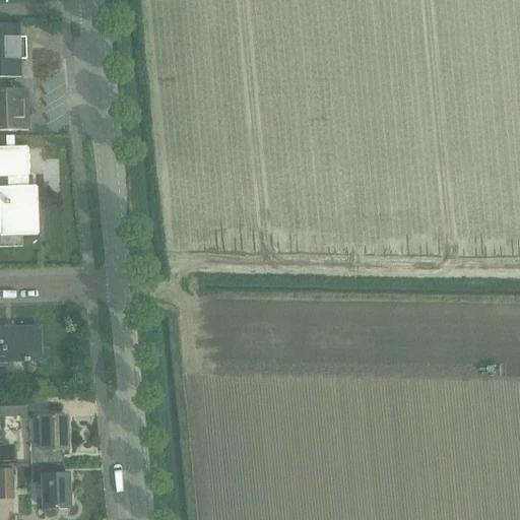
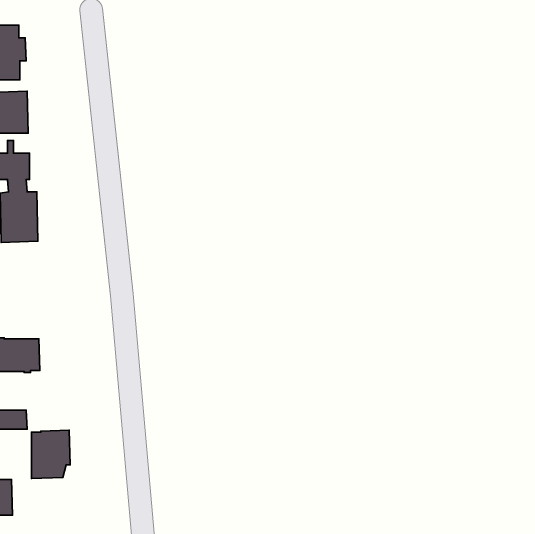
building: [30,462,69,509] -> none

